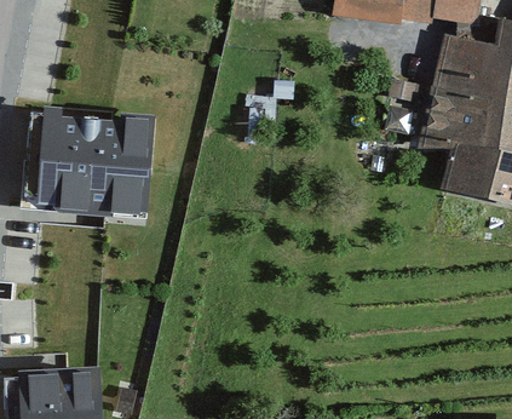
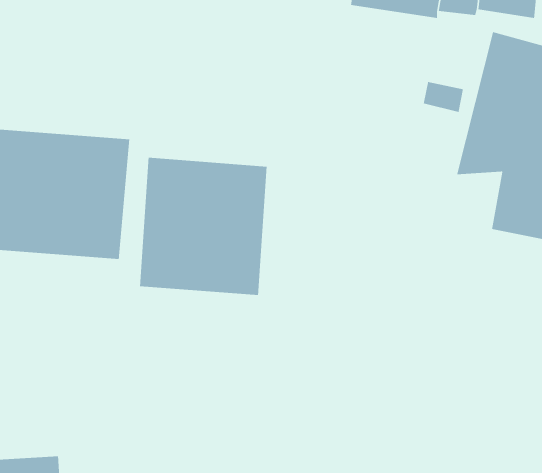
building: none -> [139,157,268,296]

